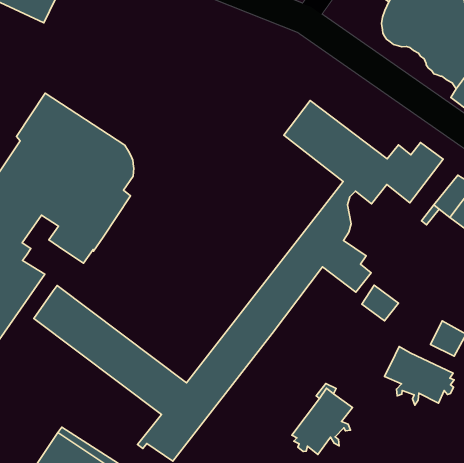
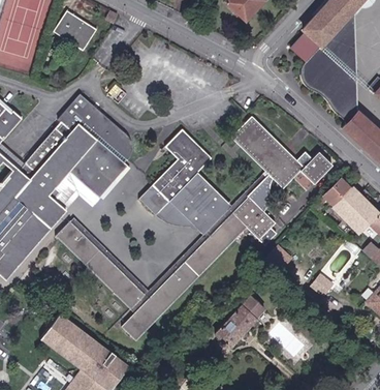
building: none -> [138,130,228,234]
building: [384,346,454,405] -> none

